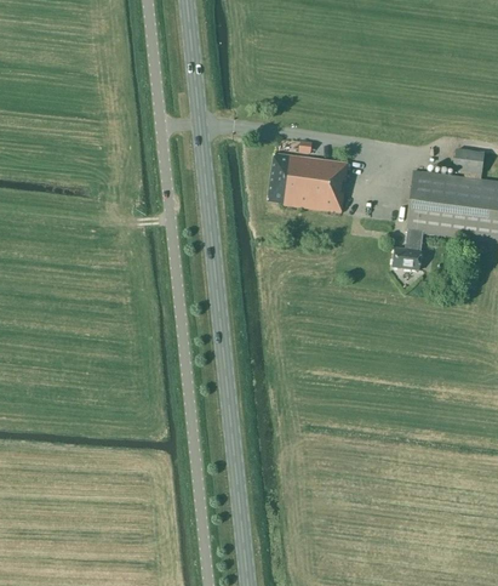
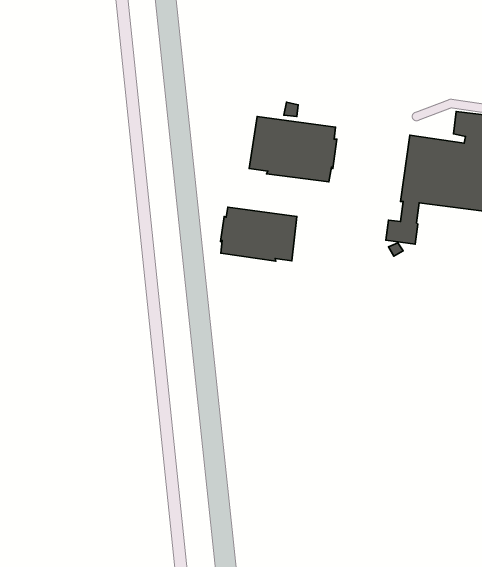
building: none -> [221,207,297,261]

